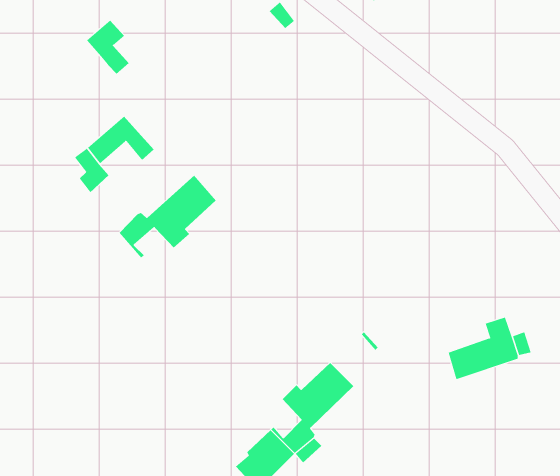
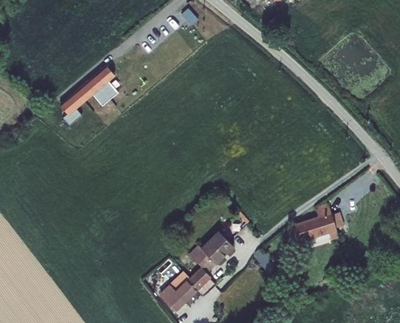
building: [86,20,130,74] -> [90,66,117,100]
building: [119,175,217,259] -> none

